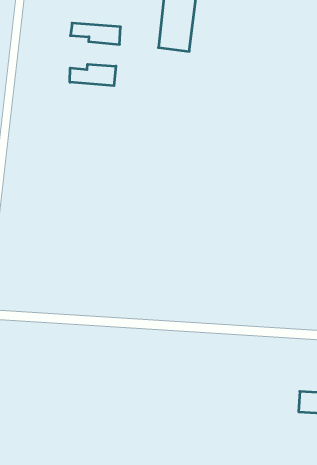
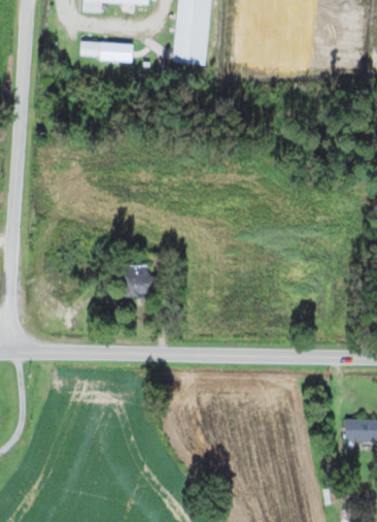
building: [70,64,116,86] -> none
building: none -> [124,265,159,298]

